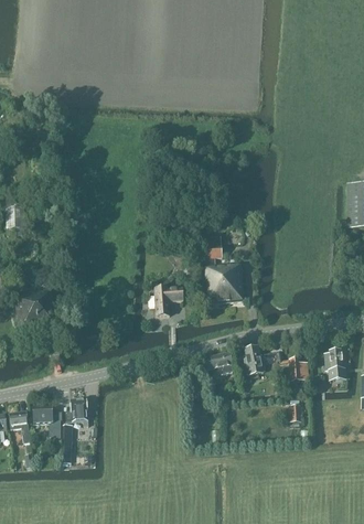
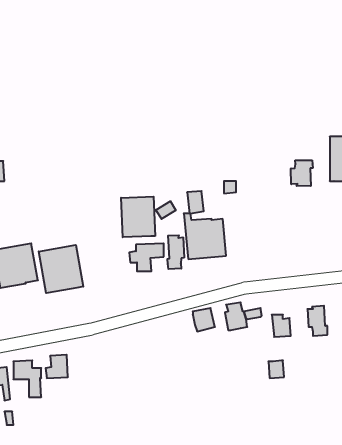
building: none -> [291,160,313,186]
building: none -> [121,197,155,237]
building: none -> [167,235,184,269]
building: none -> [39,245,83,293]

